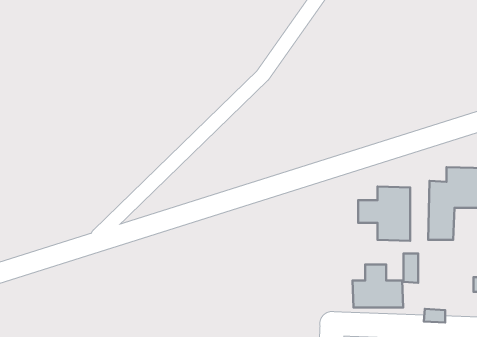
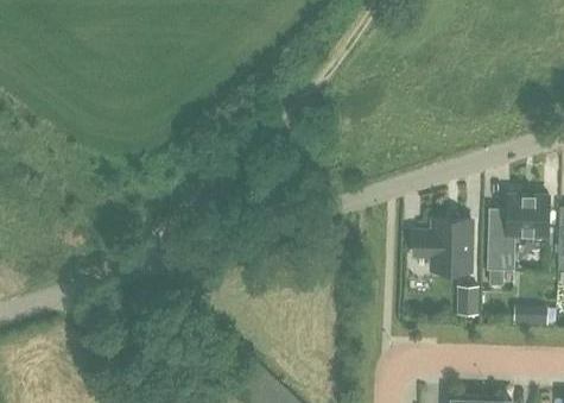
building: [352,265,403,307] -> none

